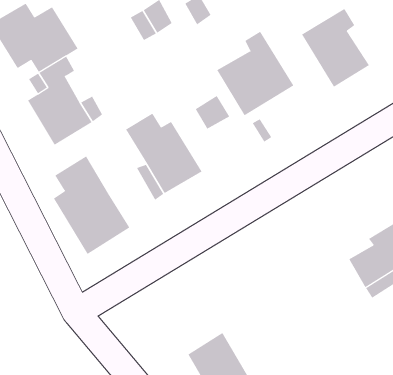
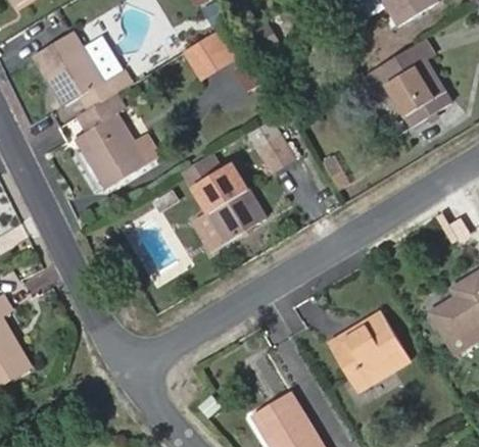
building: [216,31,294,116] -> none
building: [53,156,130,255] -> none
building: none -> [331,310,413,390]

